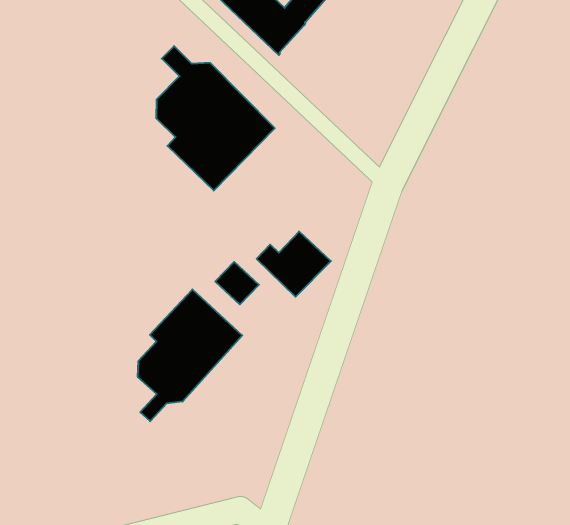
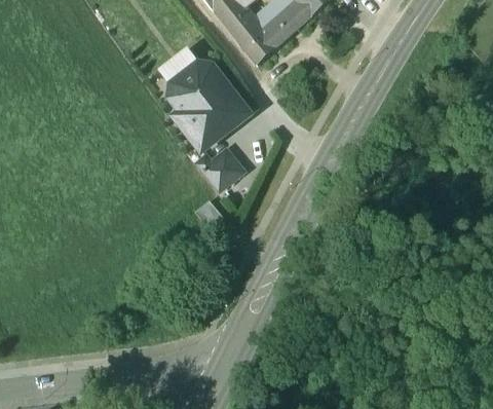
building: [257,231,331,297] -> [195,146,244,189]
building: [138,289,242,421] -> none

